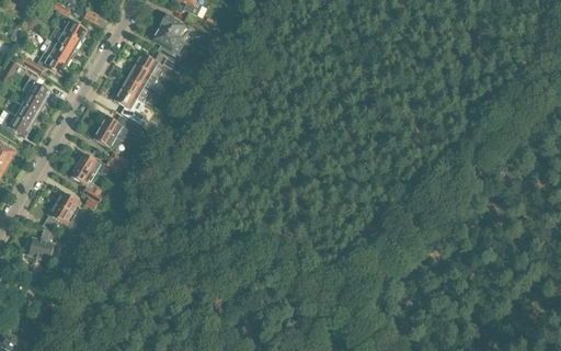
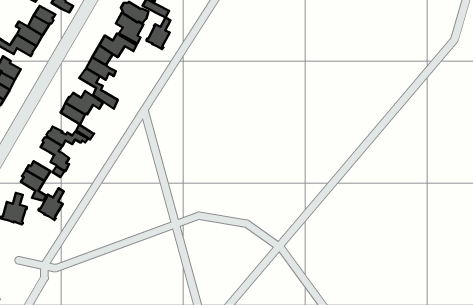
building: none -> [146,18,171,49]
building: none -> [38,188,64,220]

